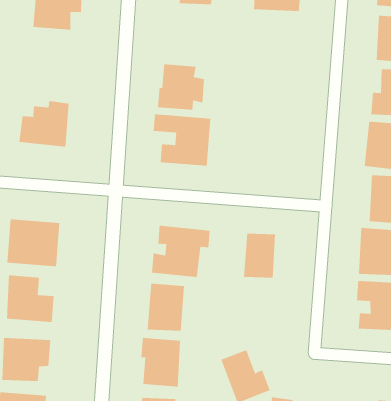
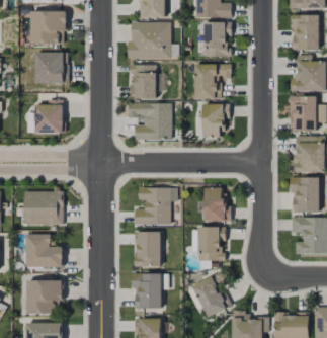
building: none -> [129,21,171,60]
building: none -> [206,22,231,57]
building: none -> [34,52,68,84]
building: none -> [194,64,231,99]
building: none -> [202,103,230,137]
building: none -> [198,227,226,261]

